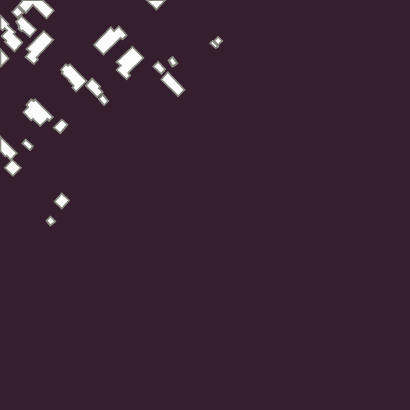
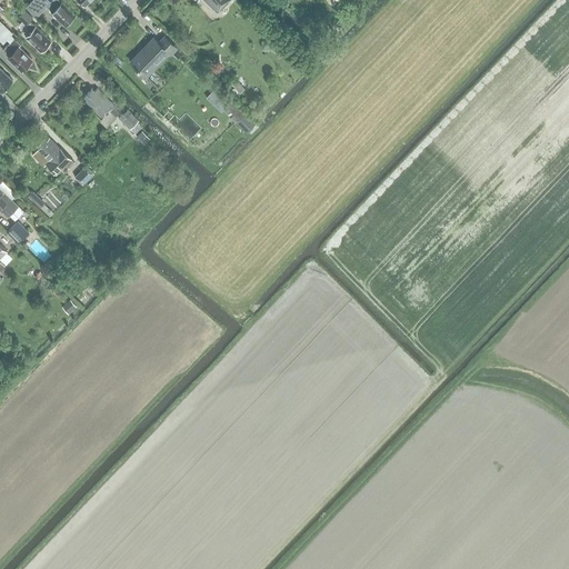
building: [25,31,53,64] -> none
building: [116,47,143,79] -> none

